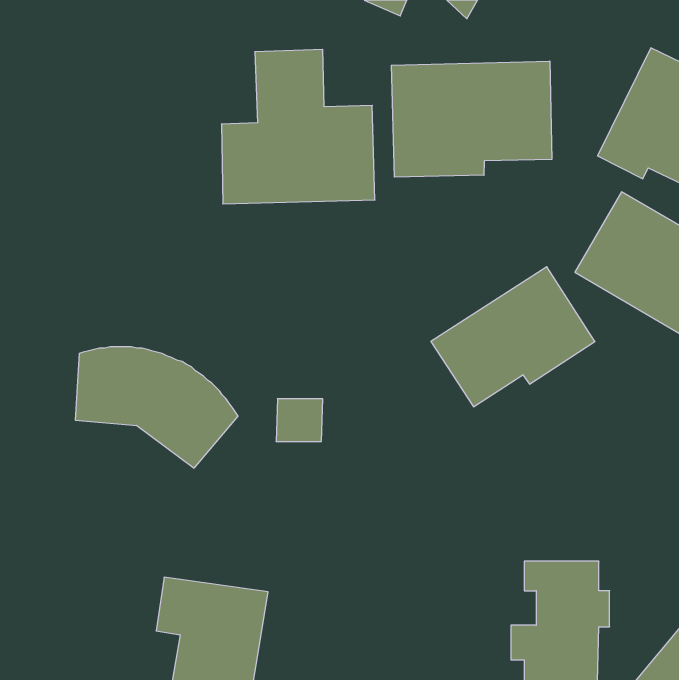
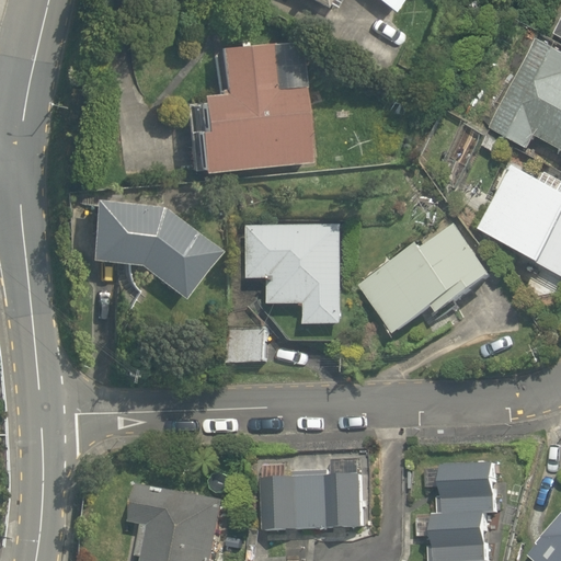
building: [391,61,552,177] -> none
building: none -> [244,226,343,332]
building: [75,347,238,468] -> [79,199,213,299]
building: none -> [256,455,375,537]

